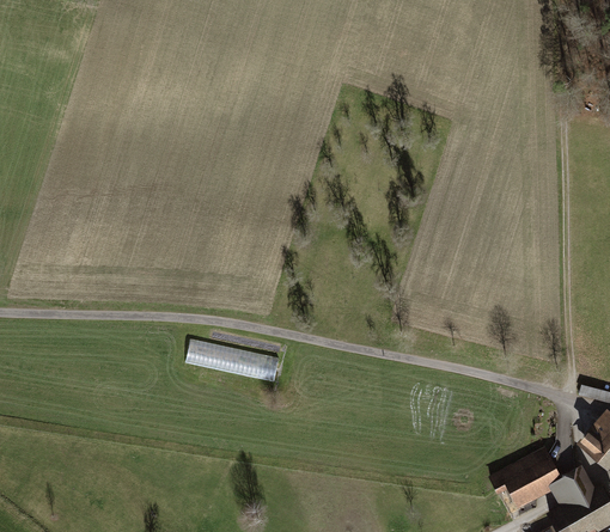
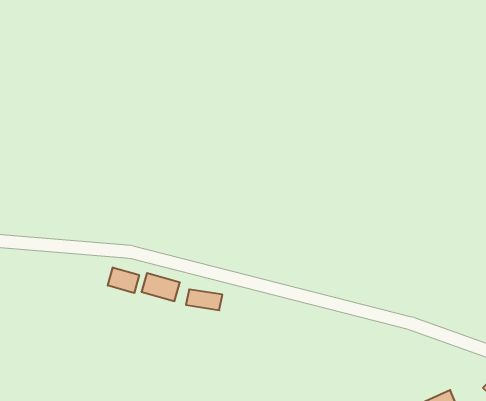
building: none -> [108,267,139,293]

